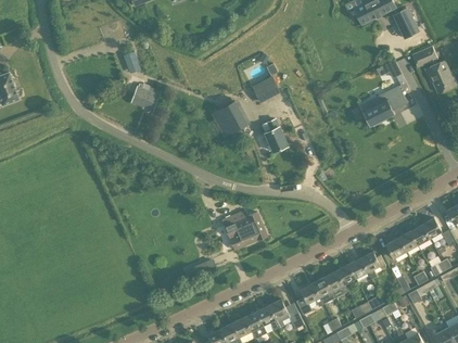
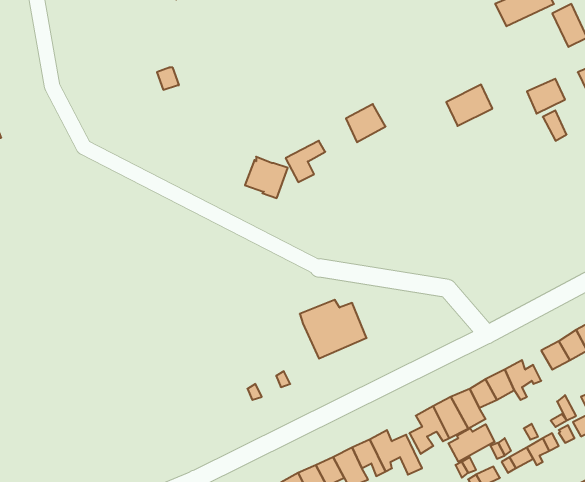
building: [130,84,160,112] -> [245,157,288,198]
building: [359,93,391,122] -> [446,85,492,126]
building: [262,119,287,152] -> none
building: none -> [448,424,495,462]

